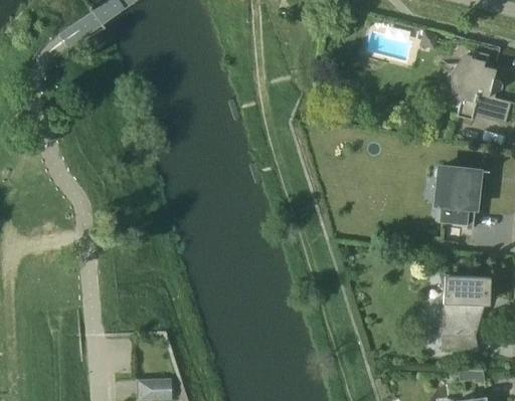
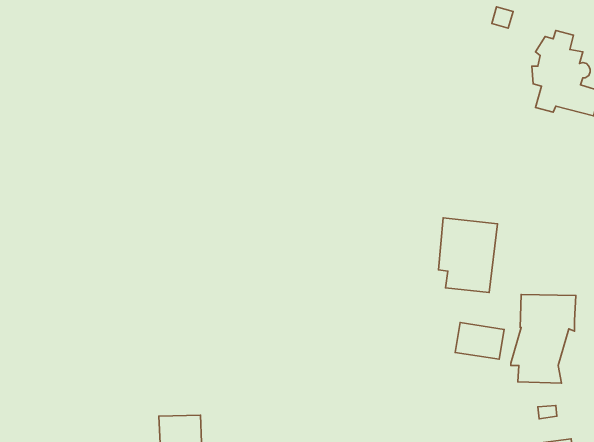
building: [427,162,478,225] -> [438,218,498,292]
building: none -> [455,323,504,359]

